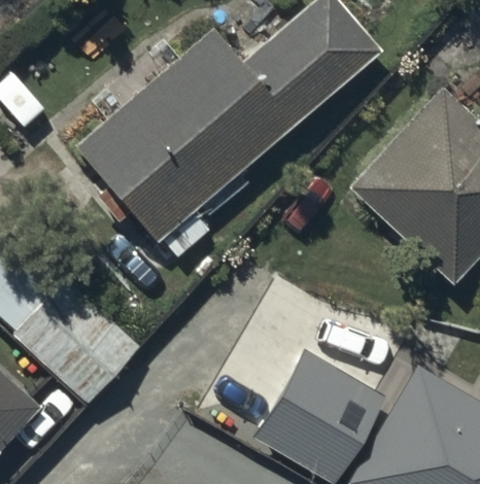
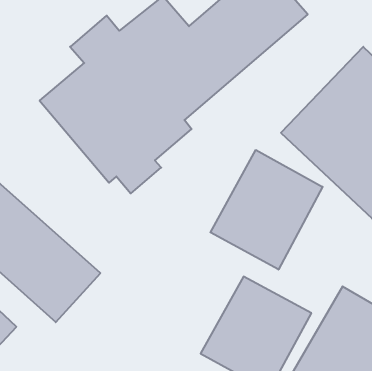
building: none -> [210,150,323,270]

